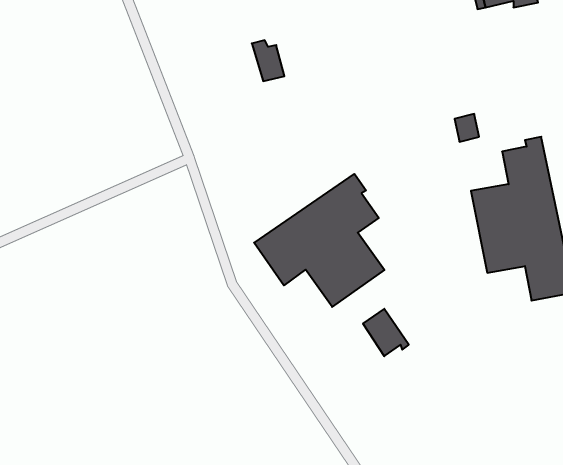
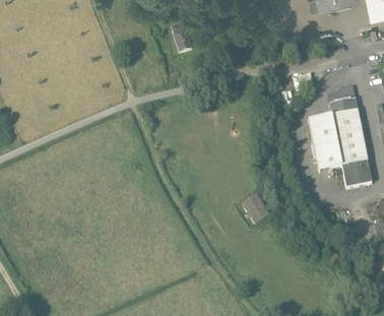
building: [254,174,384,307] -> none

